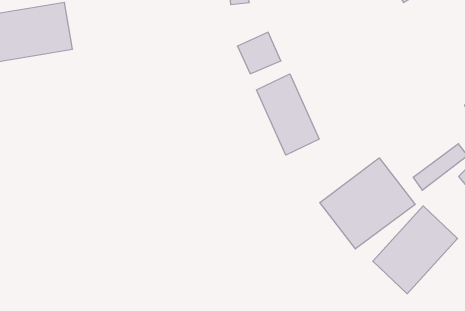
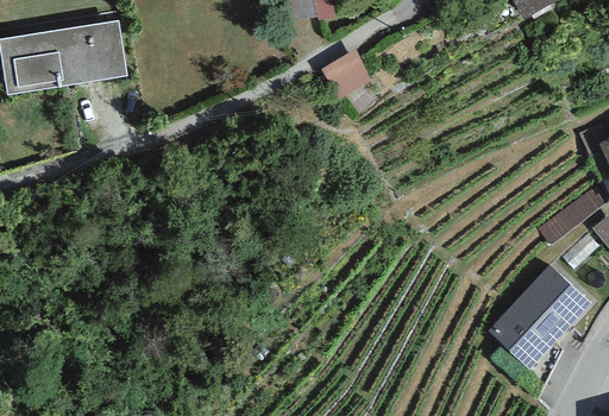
building: [256,74,319,155] -> none
building: [320,158,415,249] -> none

